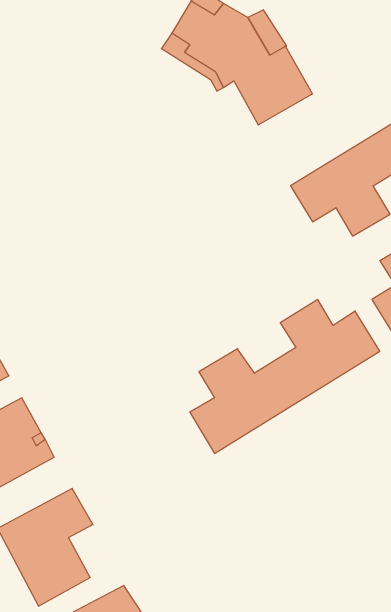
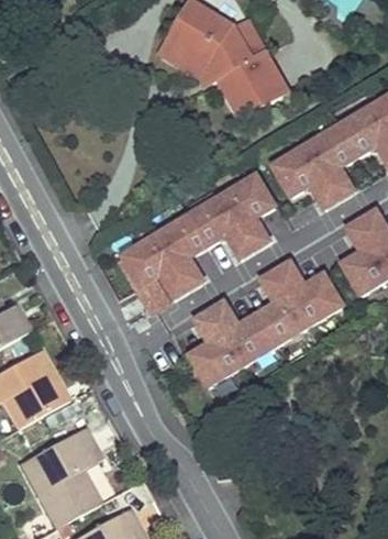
building: none -> [118,174,275,314]

